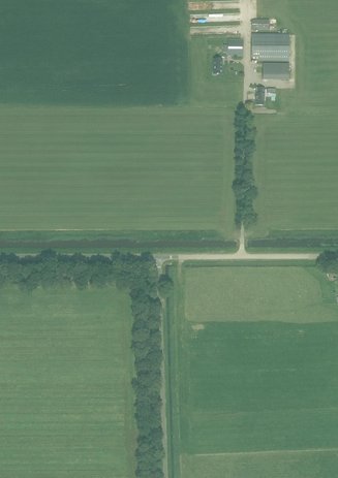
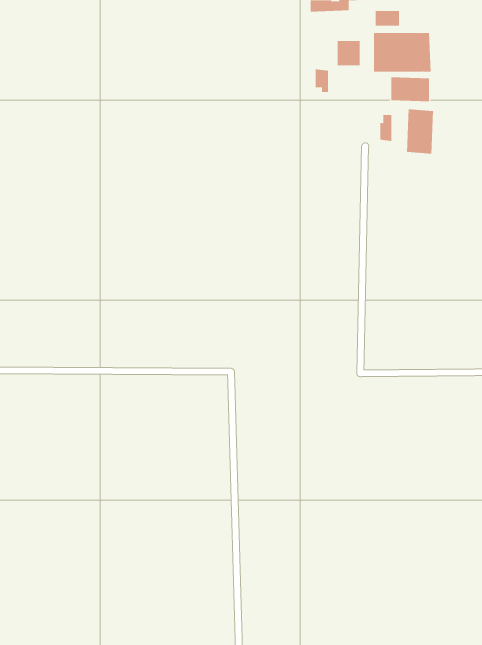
building: none -> [406,109,433,155]

